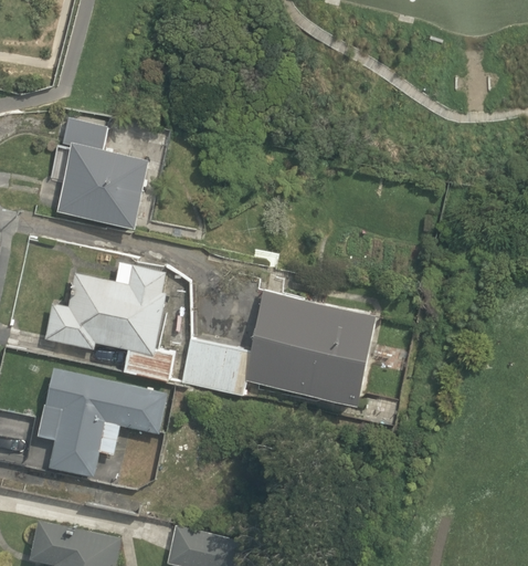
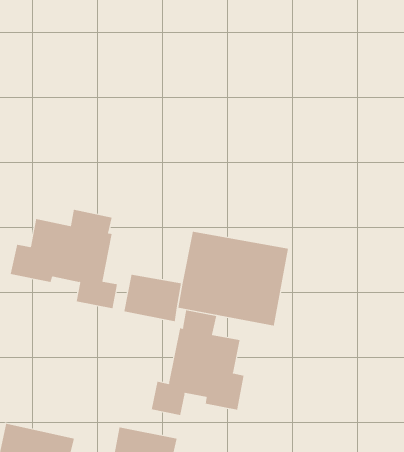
building: [56,118,151,229] -> none
building: [36,369,168,479] -> none
building: none -> [151,310,244,416]

